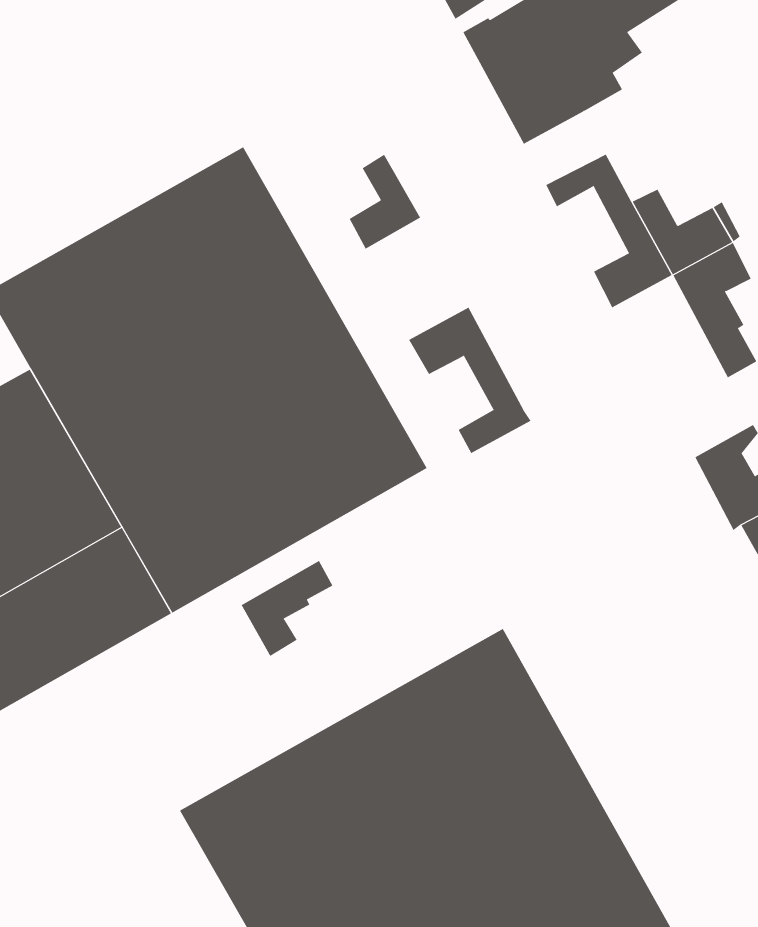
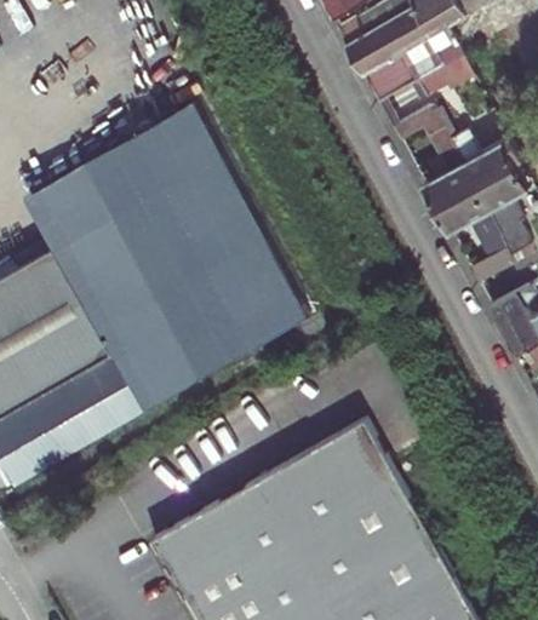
building: none -> [417,41,474,97]
building: [349,154,421,250] -> none
building: [408,307,532,454] -> [435,188,516,285]
building: [241,560,333,657] -> none

